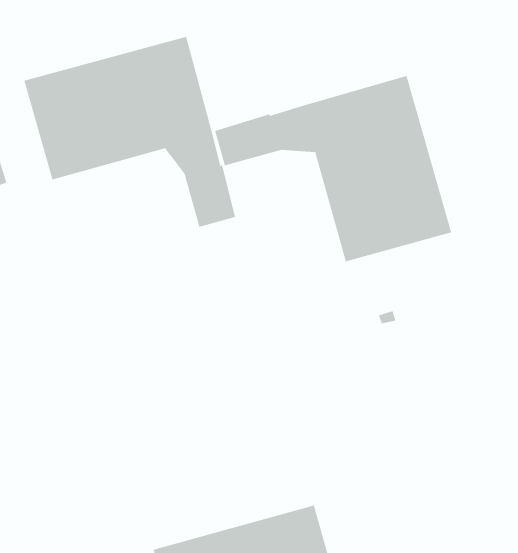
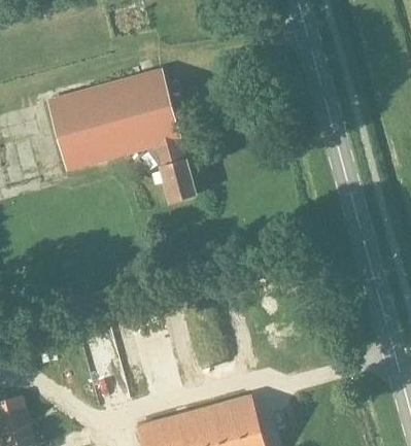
building: [215,75,452,262] -> none

